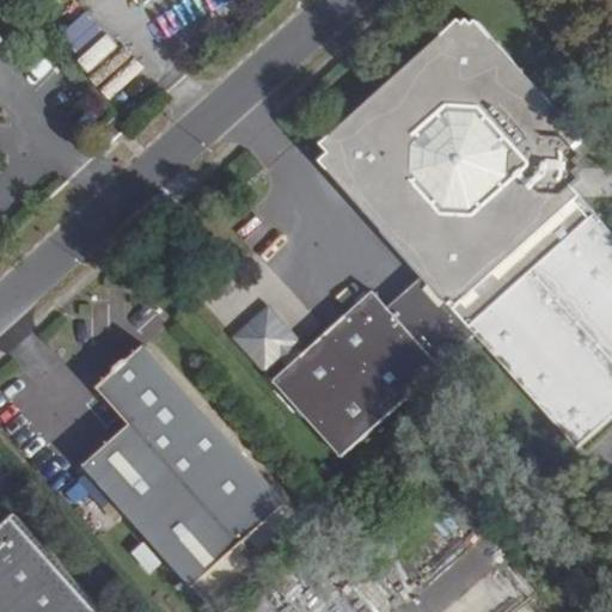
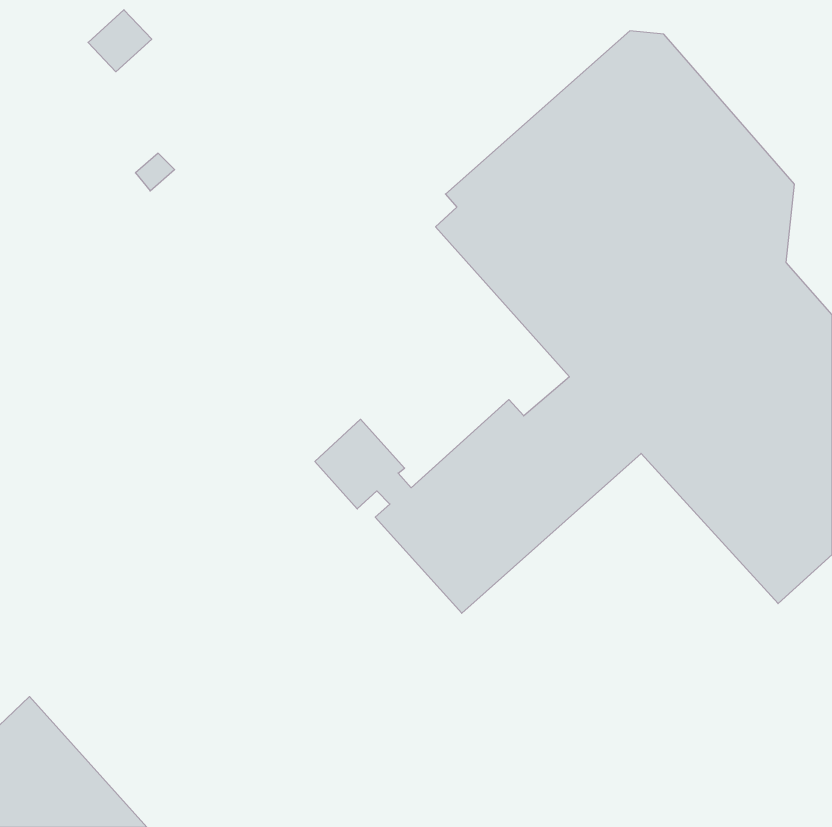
building: [80,342,284,588] -> none

